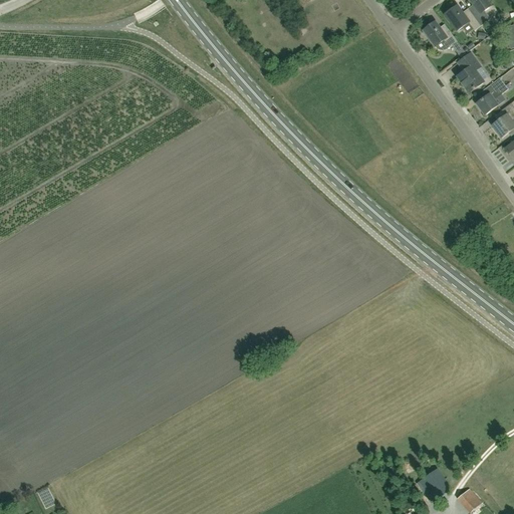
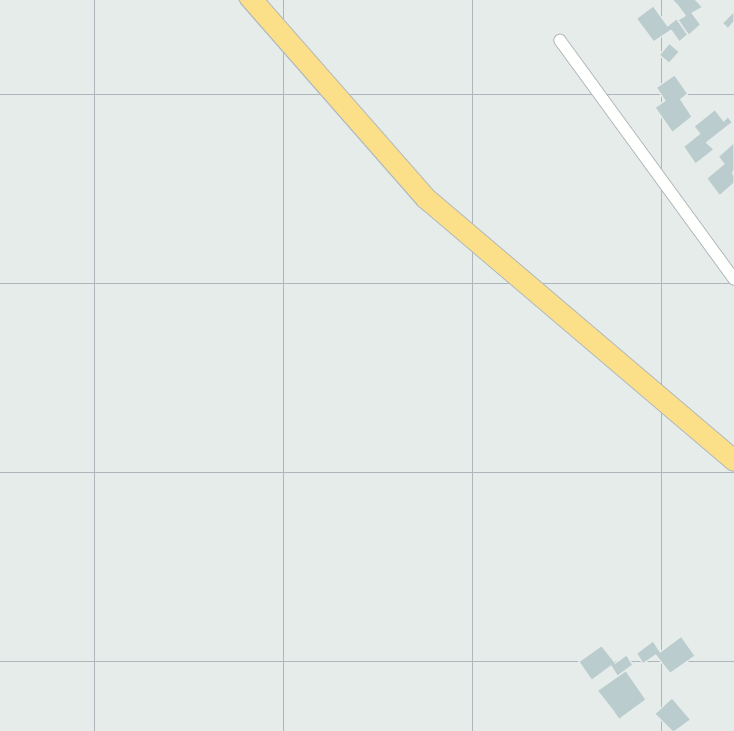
building: [423,20,456,49] -> none
building: none -> [637,636,695,674]
building: none -> [579,646,633,680]

